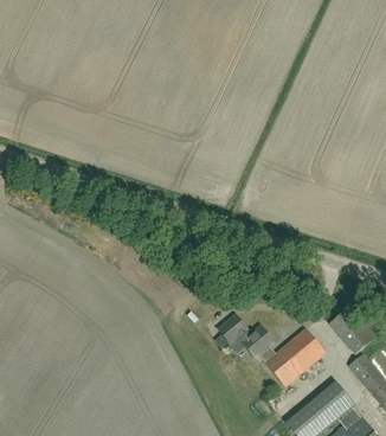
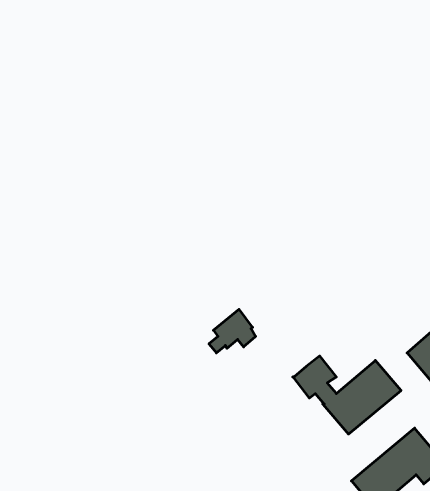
building: [213,312,250,346] -> [209,309,256,353]

